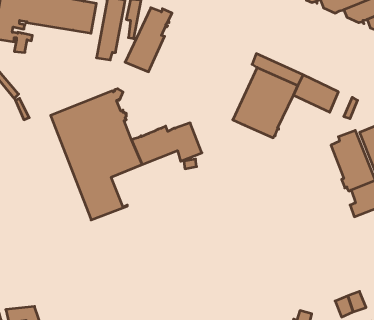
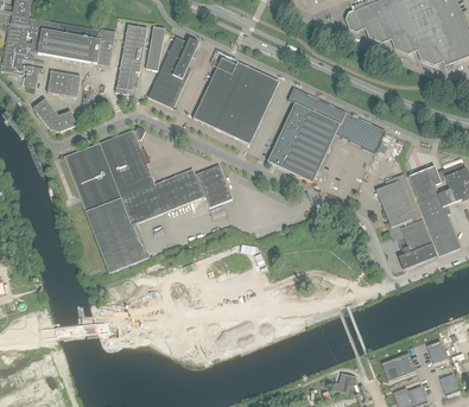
building: none -> [194,56,279,144]
building: none -> [47,70,81,96]
building: none -> [33,97,77,132]

